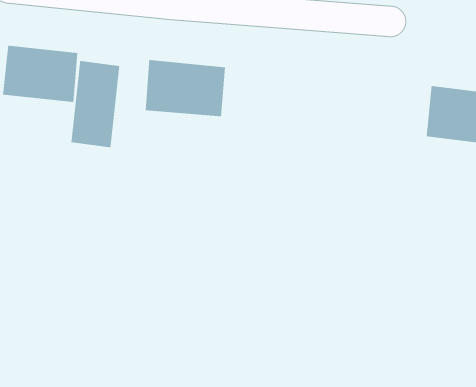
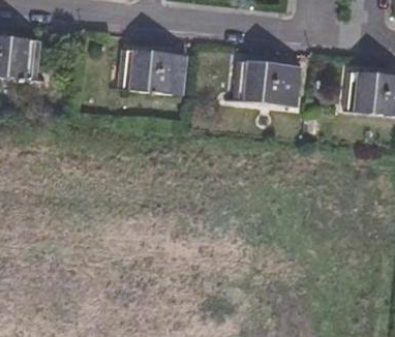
building: [71,60,120,148] -> none
building: none -> [235,59,299,105]

